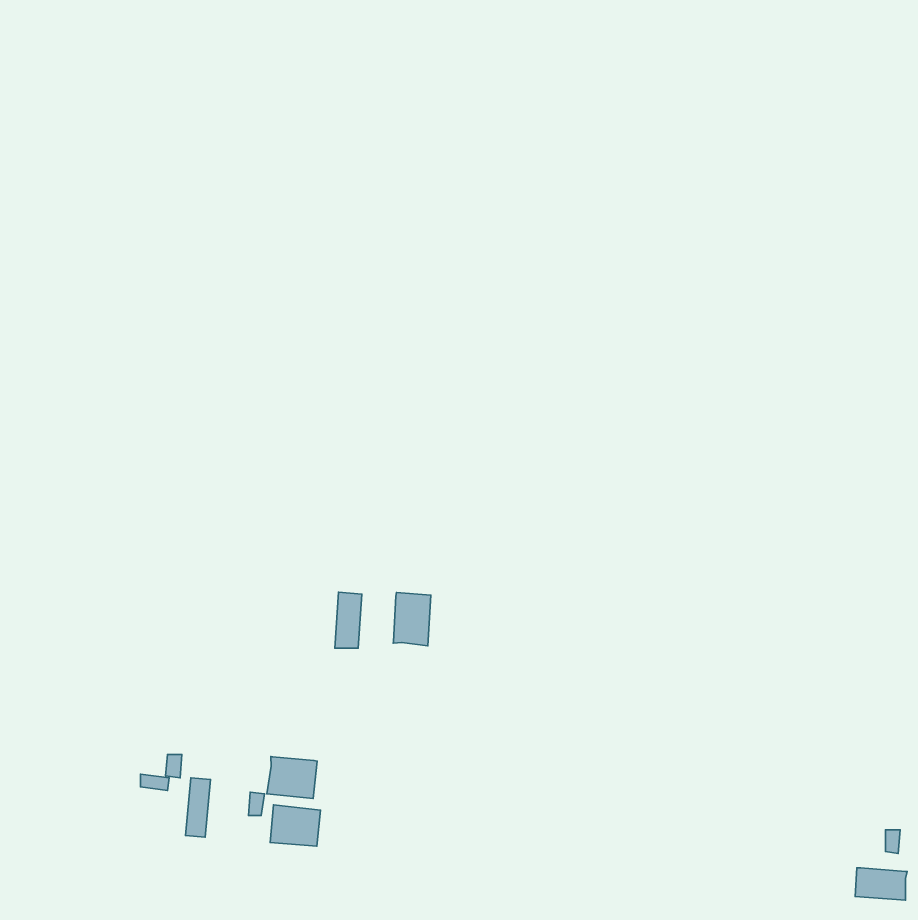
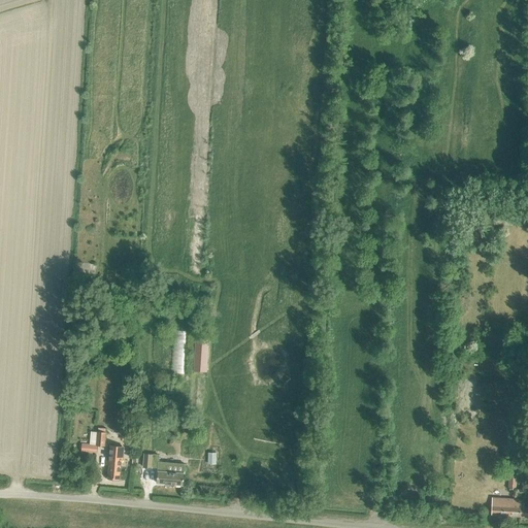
building: [393,593,431,646] -> none
building: [267,757,317,798] -> none

